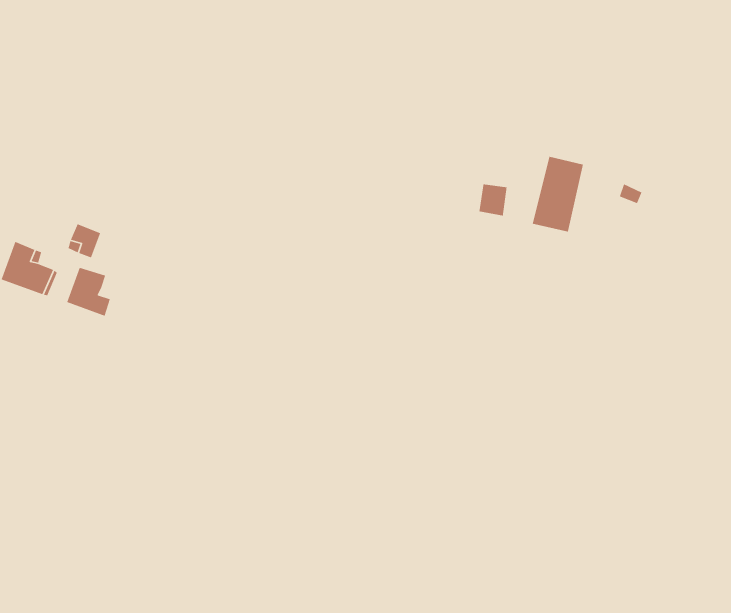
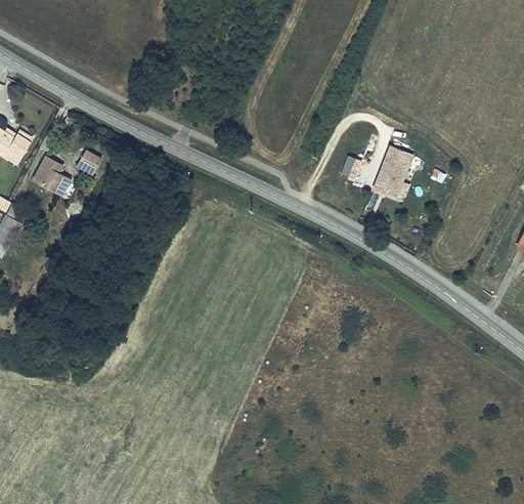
building: [66,267,111,317] -> none

